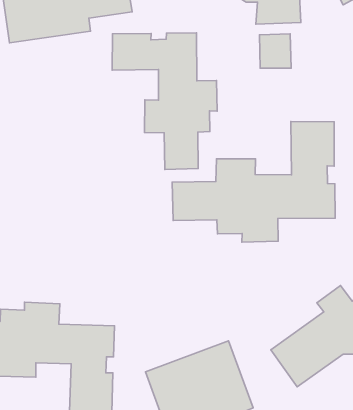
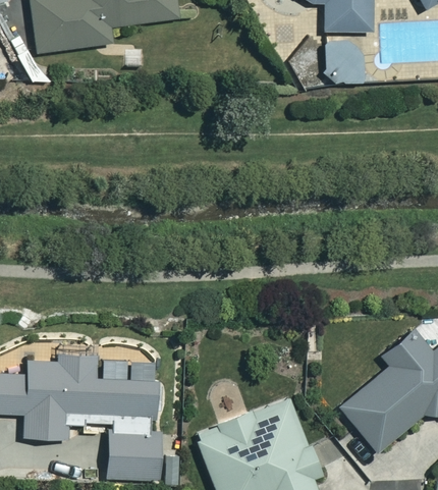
building: [112,33,217,170] -> none
building: [172,121,335,242] -> none

